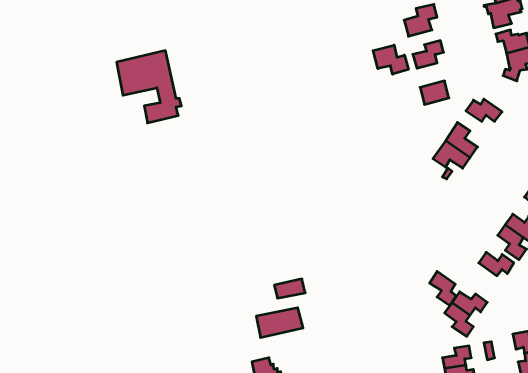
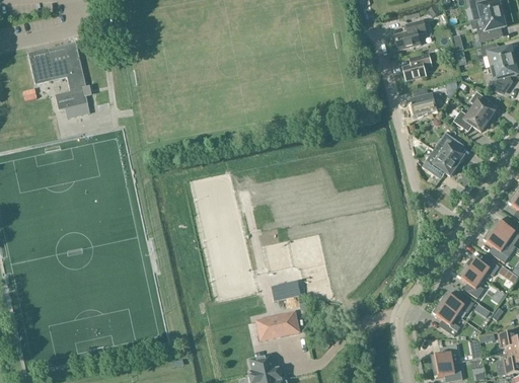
building: [373,45,408,74] -> none
building: [117,51,181,123] -> [29,42,91,110]
building: none -> [471,91,496,122]
building: [430,271,456,306] -> [459,265,485,298]

